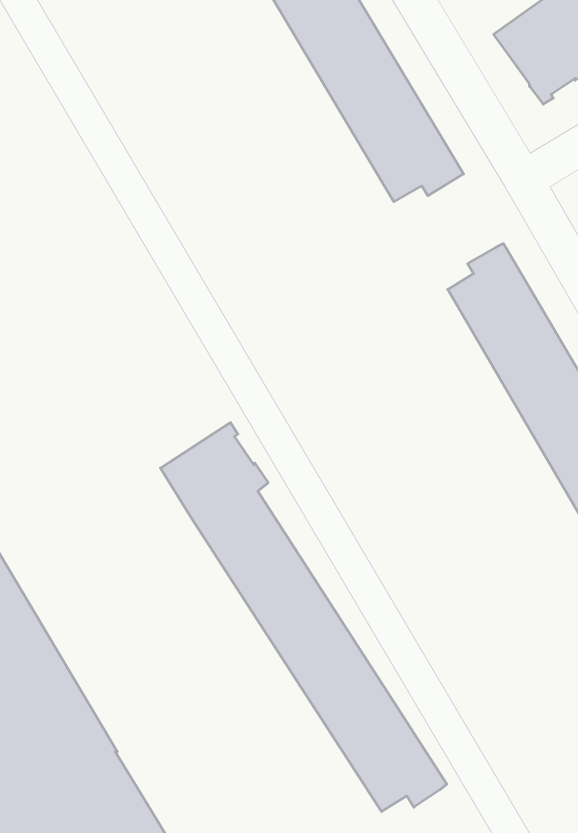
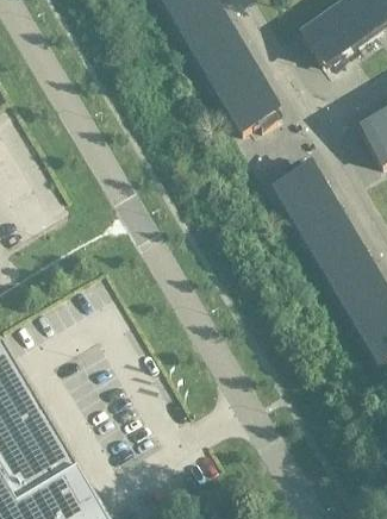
building: [160,423,447,812] -> none

